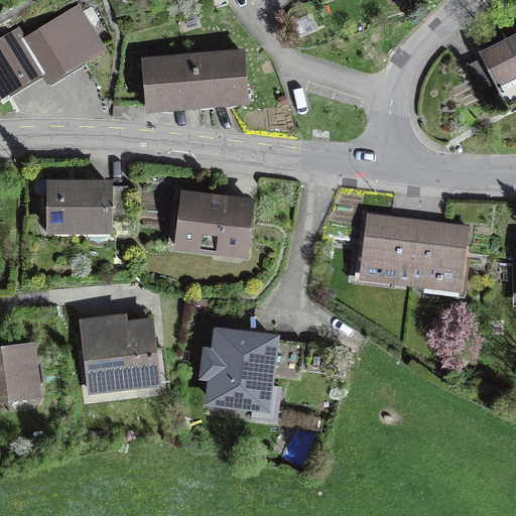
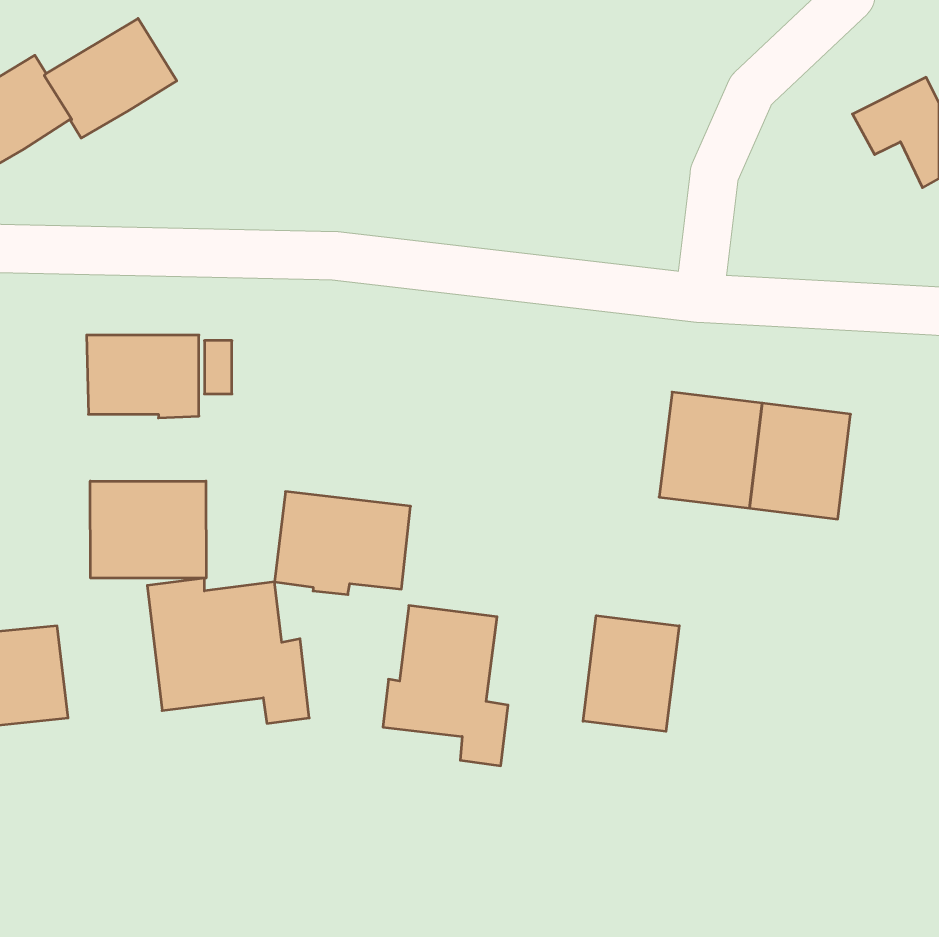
building: [143,51,246,105] -> none
building: [176,194,251,250] -> [274,492,411,595]
building: none -> [90,481,206,578]
building: none -> [583,616,679,731]

